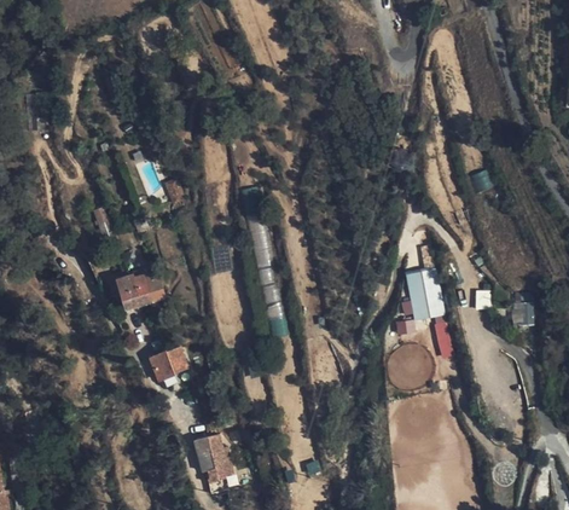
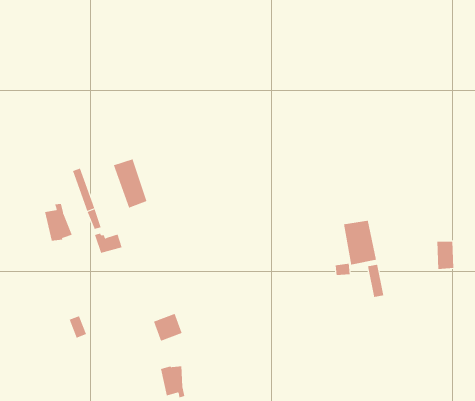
building: none -> [113,159,147,208]
building: none -> [44,203,73,242]
building: [149,348,182,381] -> [153,313,182,341]

